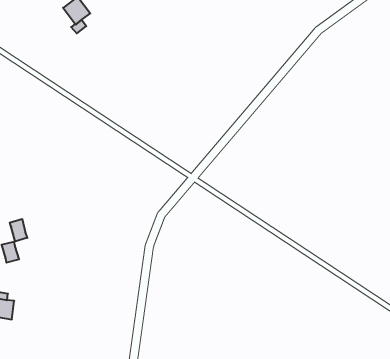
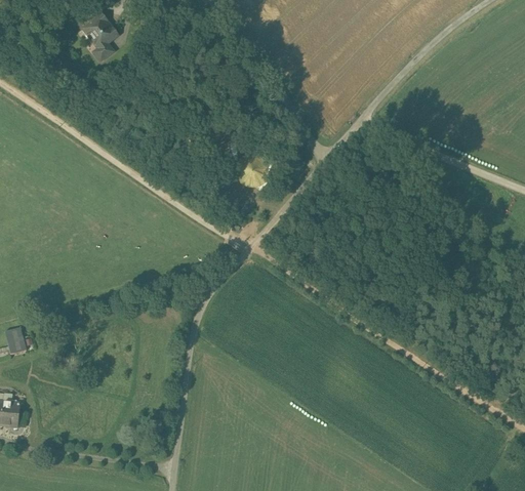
building: [10,219,27,242] -> none

